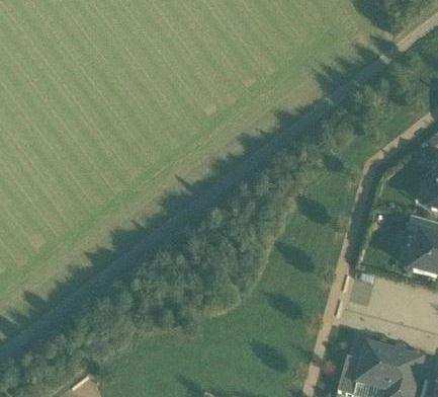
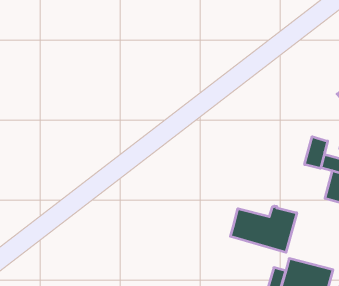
building: none -> [305,137,328,168]
building: none -> [230,206,297,252]

